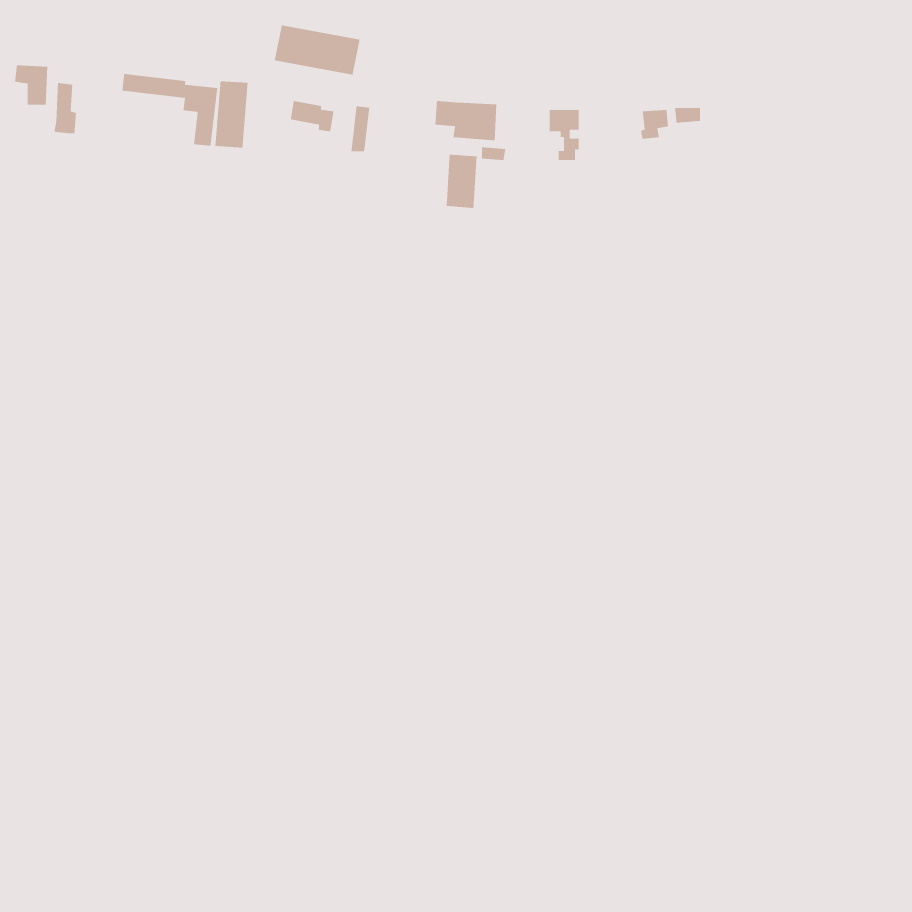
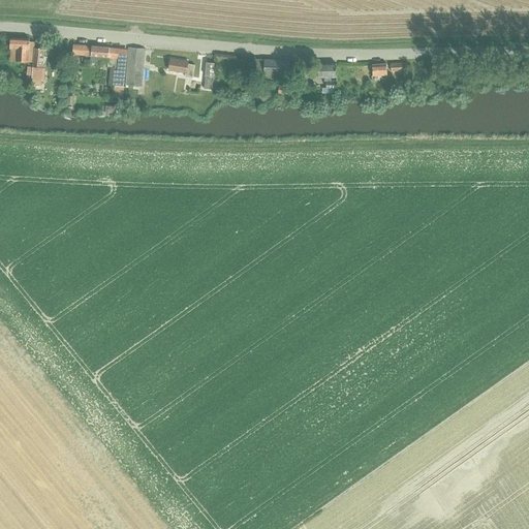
building: [274,24,360,76] -> none
building: [446,154,477,209] -> none

